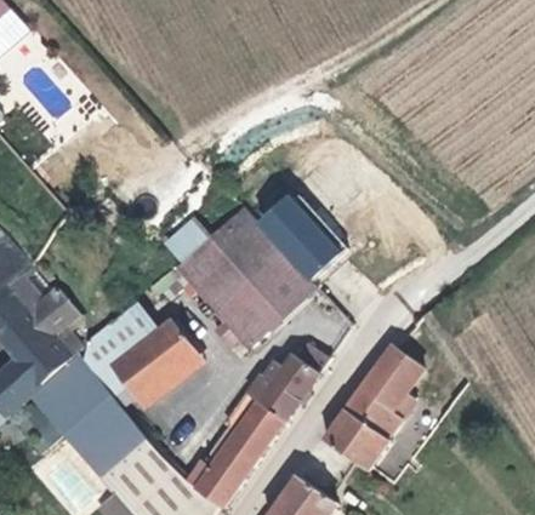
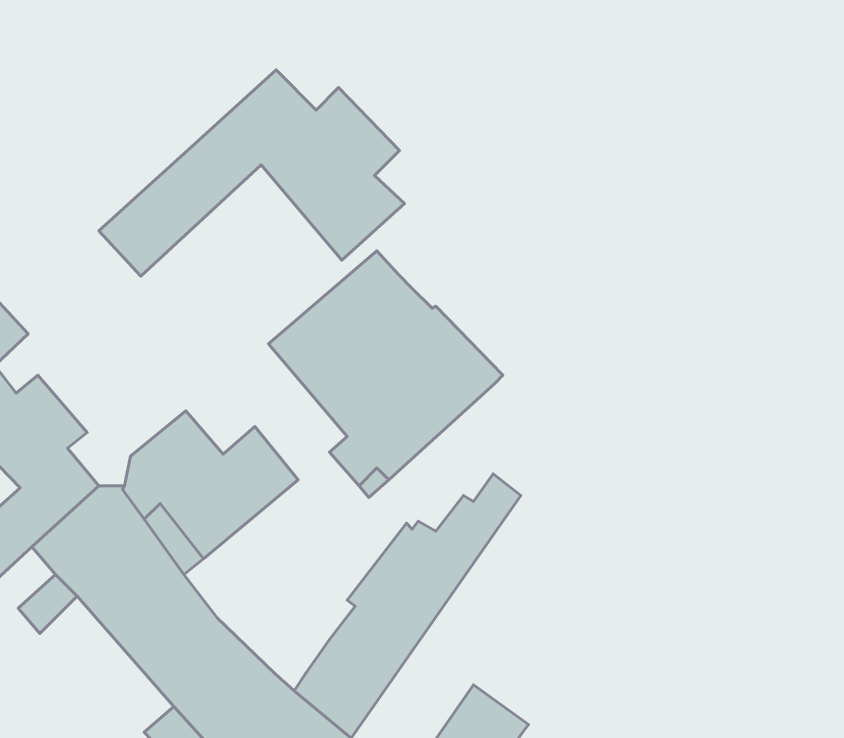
building: none -> [99,70,404,276]
building: [262,202,342,285] -> none
building: [325,347,419,467] -> none

